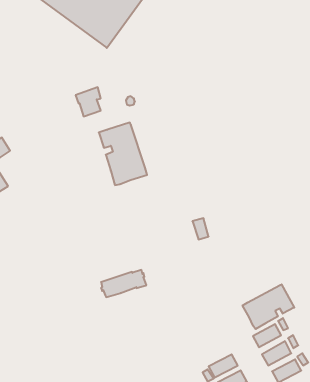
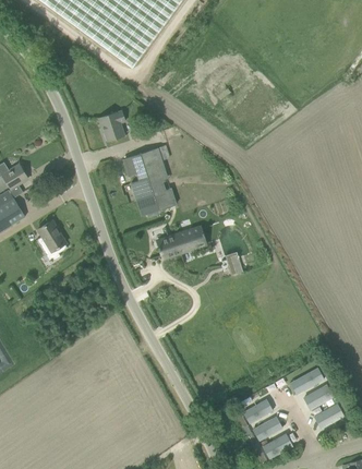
building: none -> [36,219,67,261]
building: [101,270,146,297] -> [157,227,206,256]
building: [243,284,294,329] -> none

